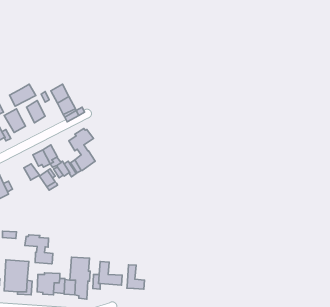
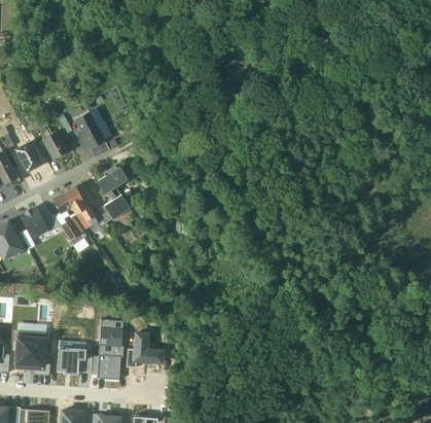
building: [9,84,36,106] -> none
building: none -> [19,206,48,238]
building: [25,235,53,264] -> none
building: [127,265,144,289] -> none

